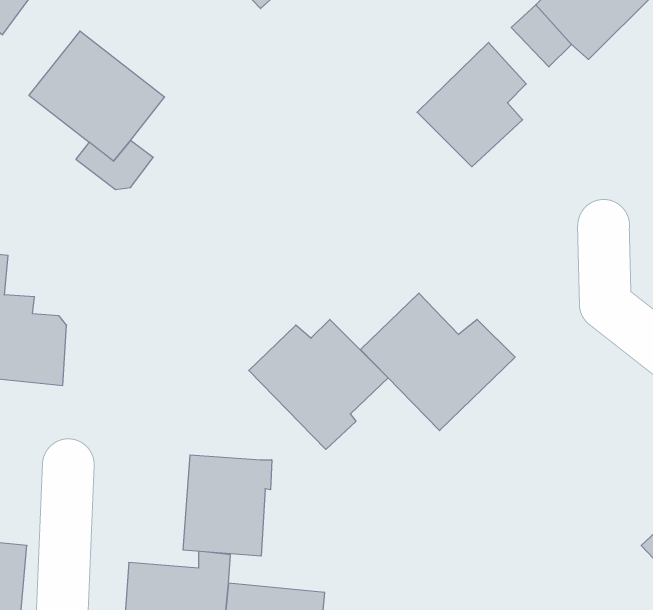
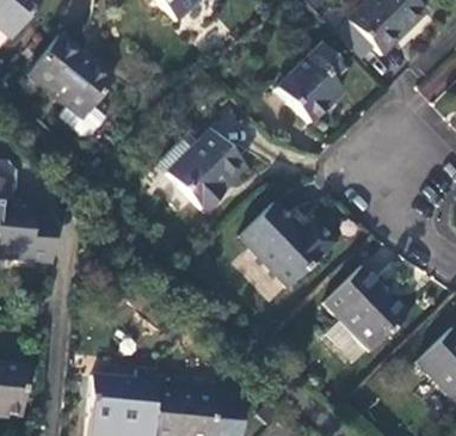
building: [249,319,388,449] -> [156,130,245,213]
building: none -> [321,268,407,363]
building: [183,455,272,556] -> none

